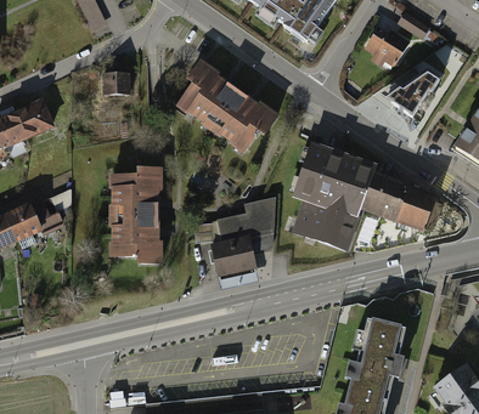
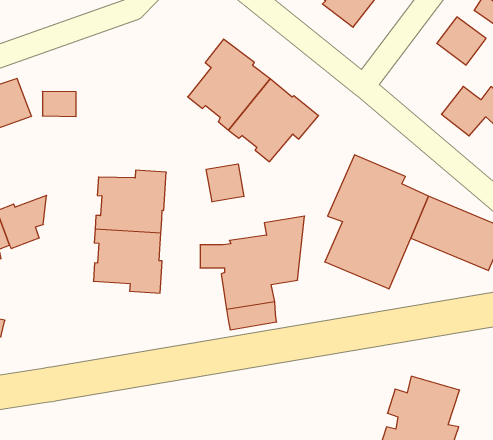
building: [105,74,133,95] -> [42,91,76,117]
building: none -> [206,164,244,202]

